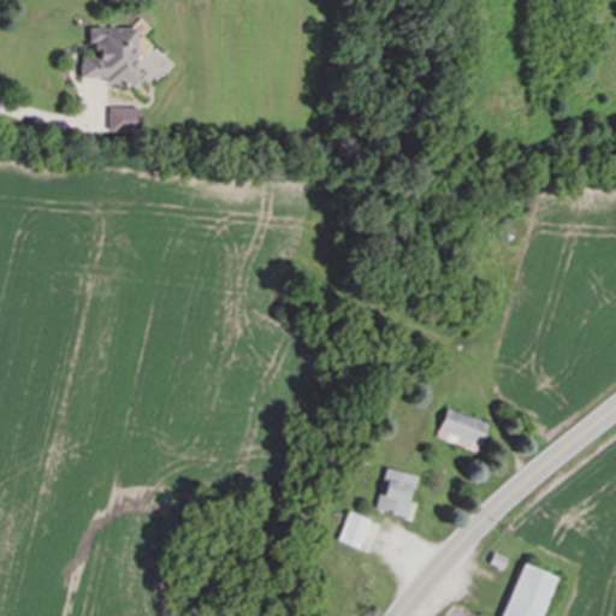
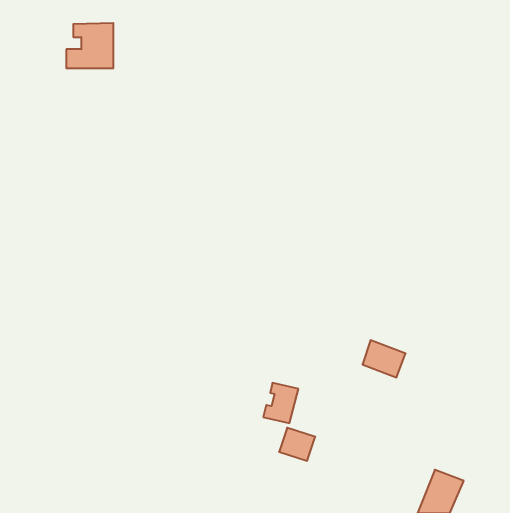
building: [111,108,142,130] -> none
building: [375,468,417,516] -> [263,383,298,423]

